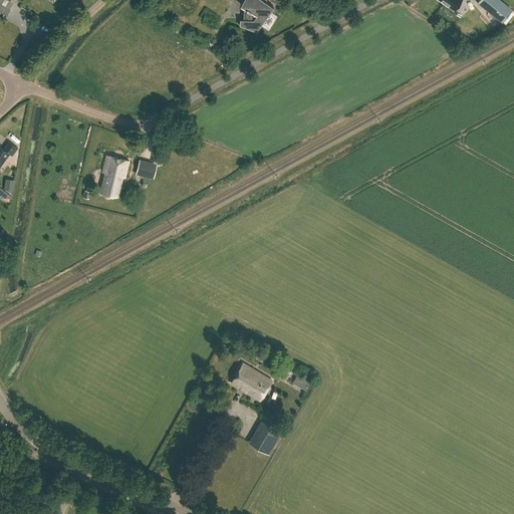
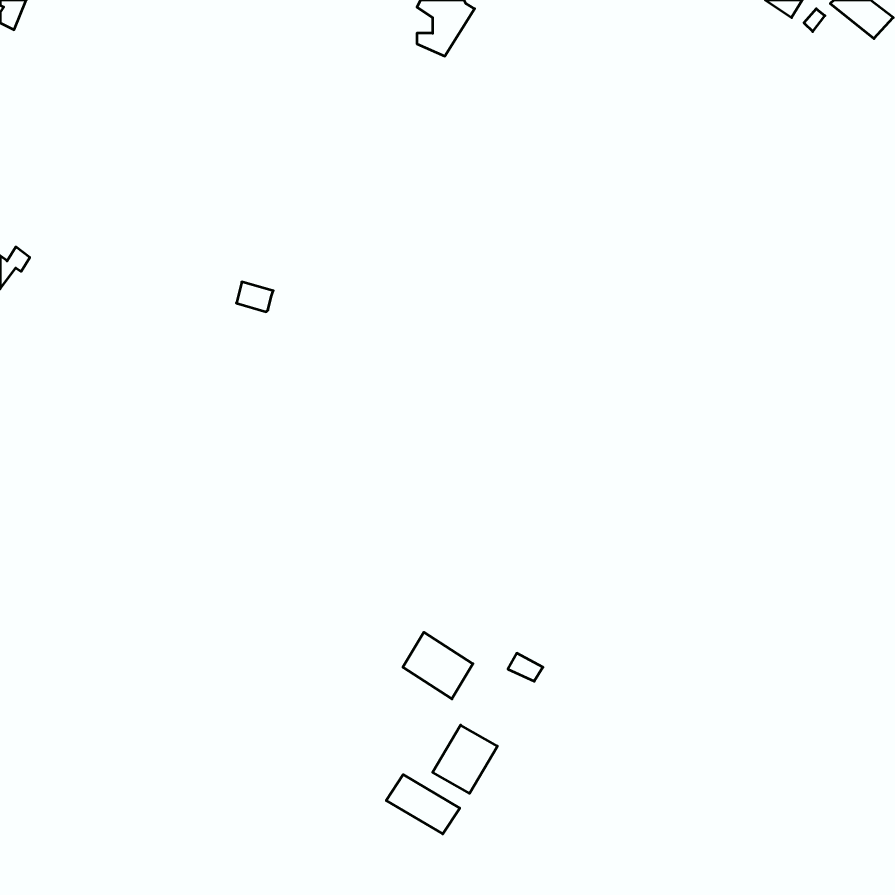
building: [100,156,128,196] -> none
building: none -> [386,775,460,834]

